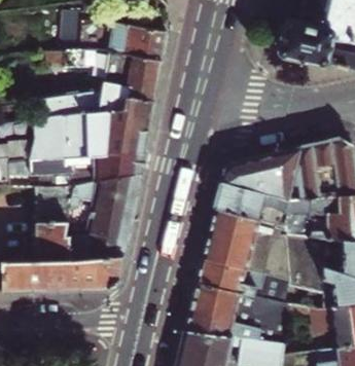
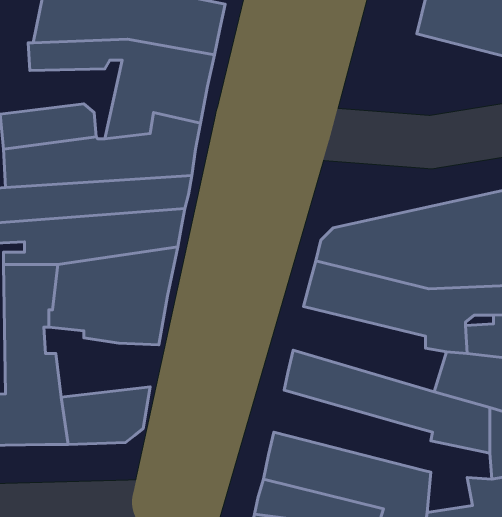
building: [207,210,297,260] -> none
building: [67,228,128,263] -> none
building: [196,259,286,306] -> none

